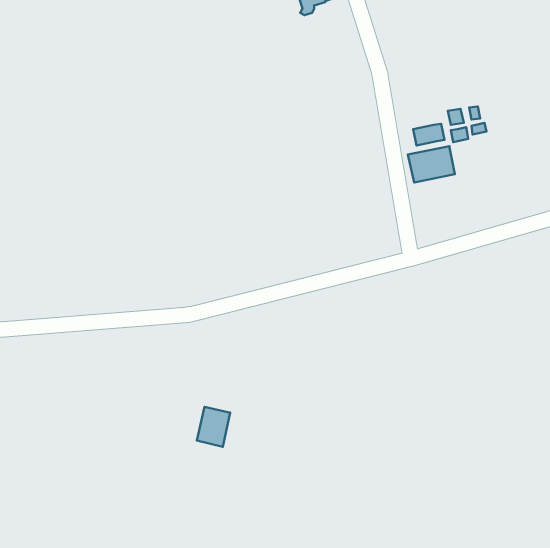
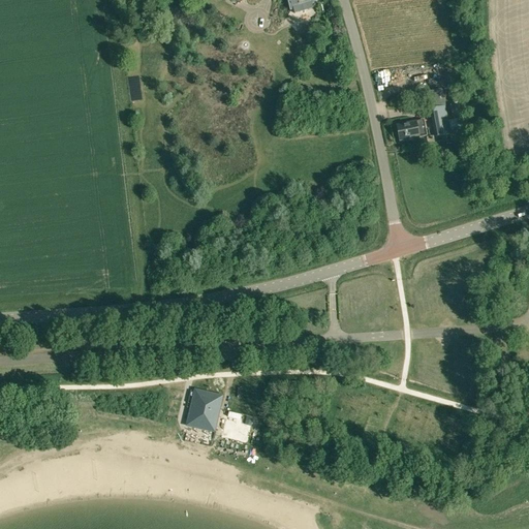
building: [408,146,455,183] -> none

